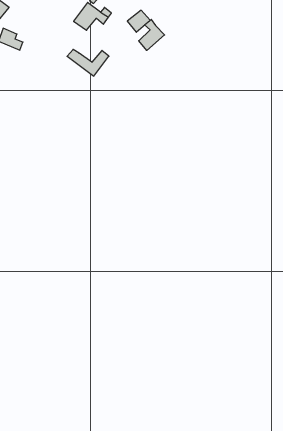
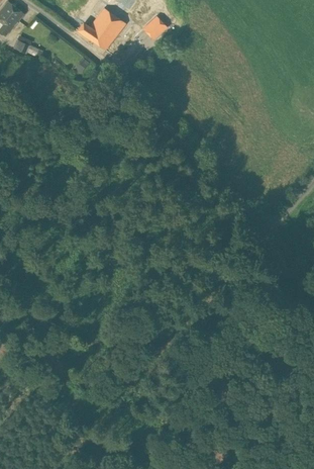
building: [139,19,165,50] -> none
building: [67,49,109,76] -> [77,24,119,52]

